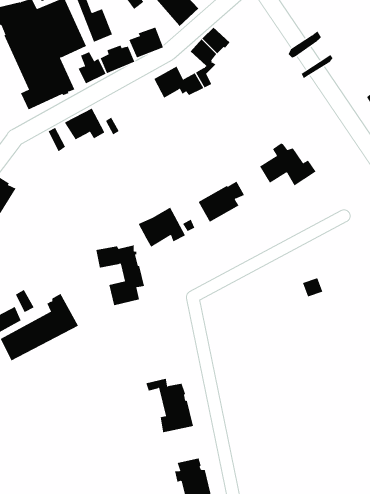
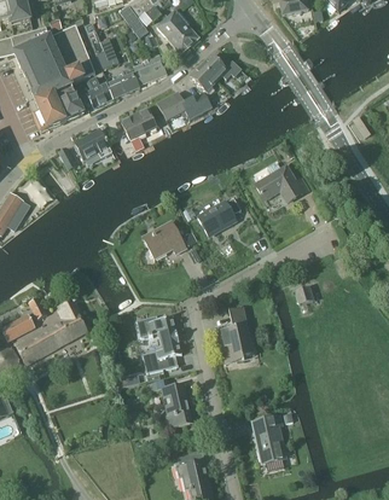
building: none -> [121,106,157,139]
building: [95,245,145,306] -> [137,314,182,371]
building: none -> [217,307,252,362]
building: none -> [252,414,286,461]

